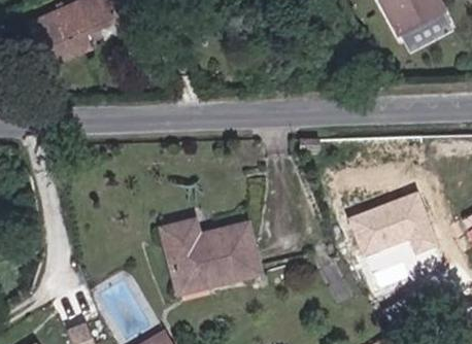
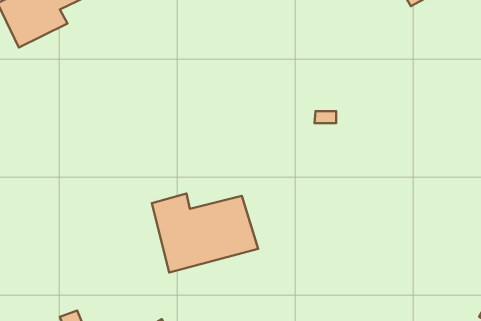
building: [350,188,438,260] -> none

